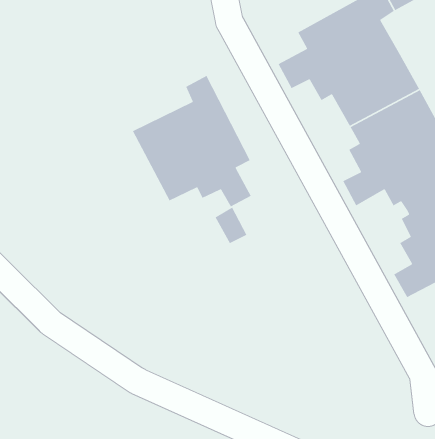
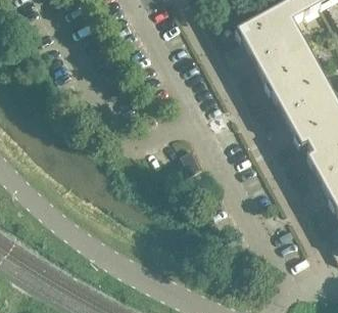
building: [132,75,252,208] -> none

